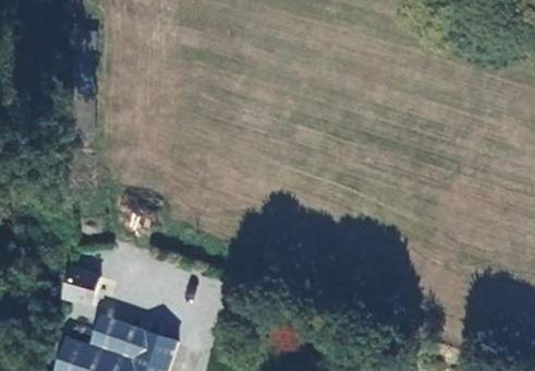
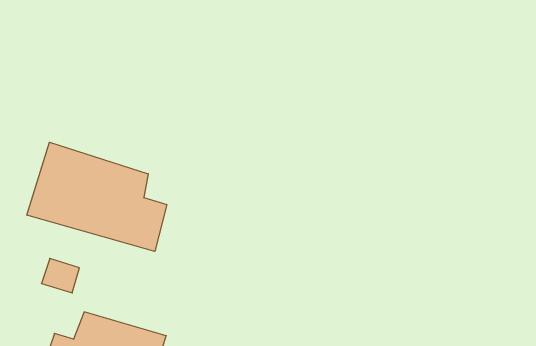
building: none -> [27,142,167,251]

